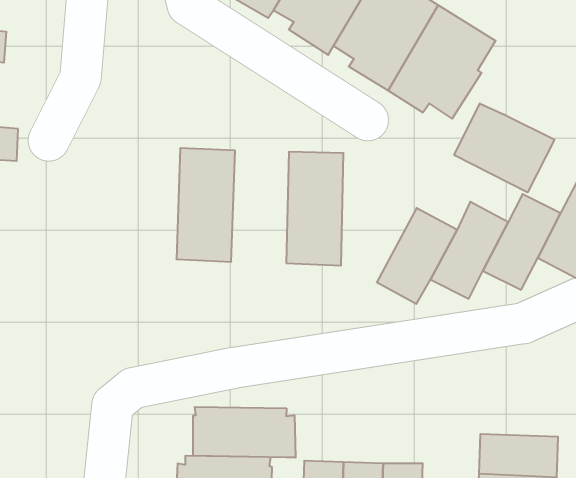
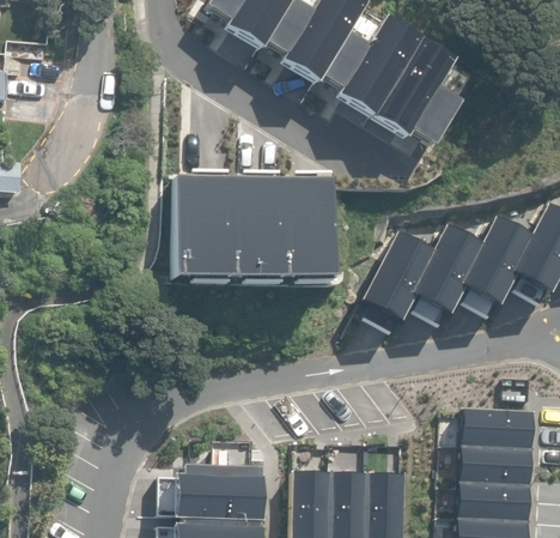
building: [454,103,554,192] -> none
building: none -> [224,179,278,284]
building: none -> [457,407,531,447]
building: [193,407,296,458] -> none

